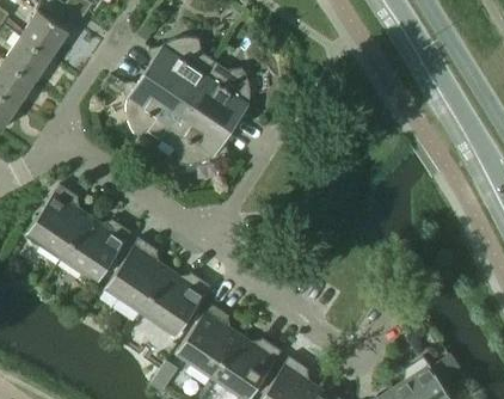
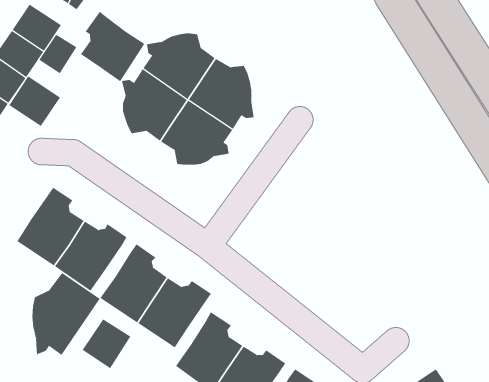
building: none -> [80,11,145,82]
building: none -> [38,34,77,74]
building: none -> [8,76,61,127]
building: none -> [32,272,101,356]
building: none -> [82,318,131,369]

